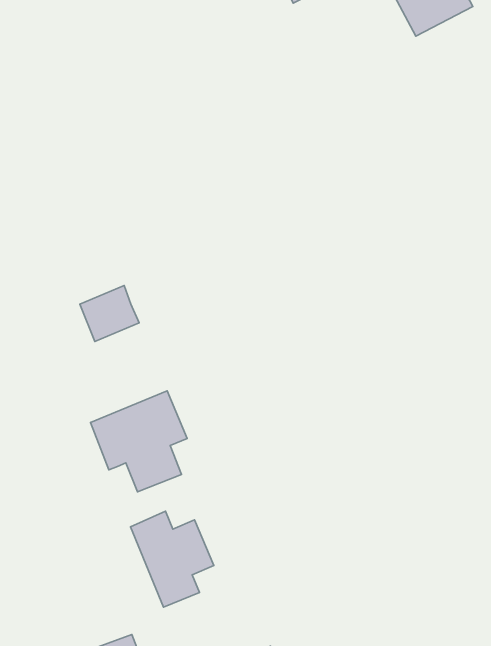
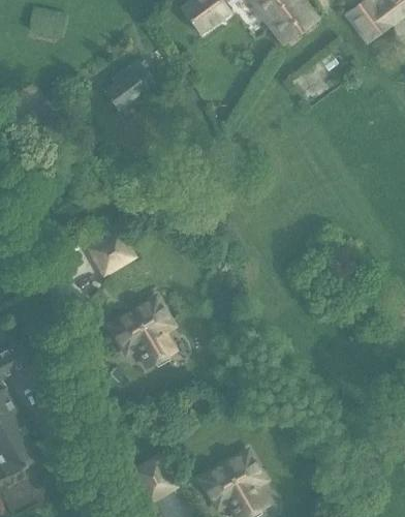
building: none -> [102,67,144,111]
building: [131,511,214,607] -> none

